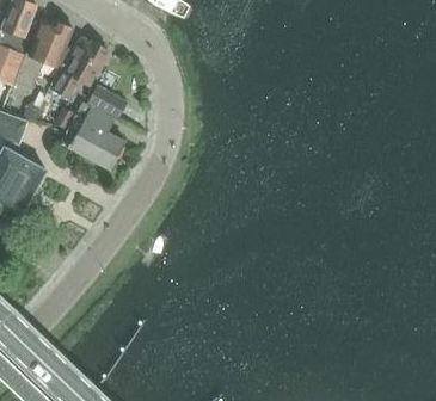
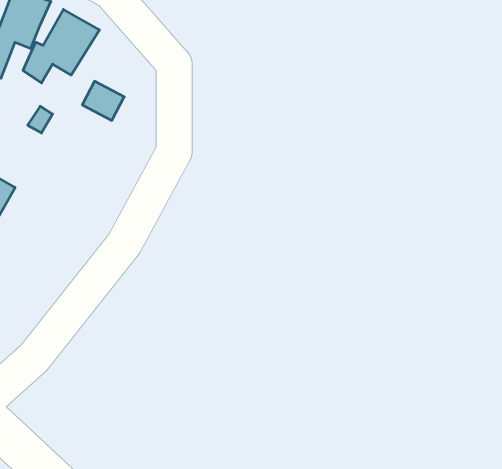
building: [60,104,123,171] -> none

